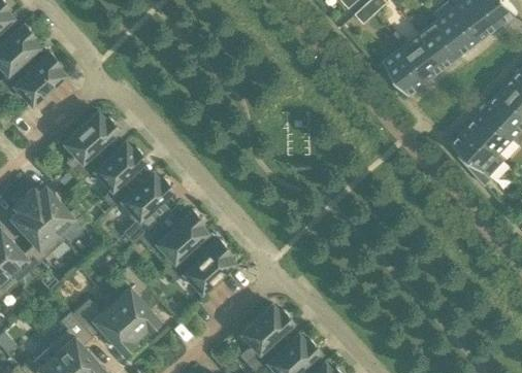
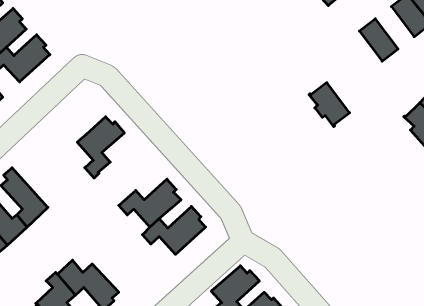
building: [420,22,462,68] -> none
building: [383,48,427,97] -> [309,83,350,127]
building: [64,112,119,181] -> none
building: [117,172,173,244] -> none
building: [23,186,86,241] -> none
building: [105,266,160,334] -> none

